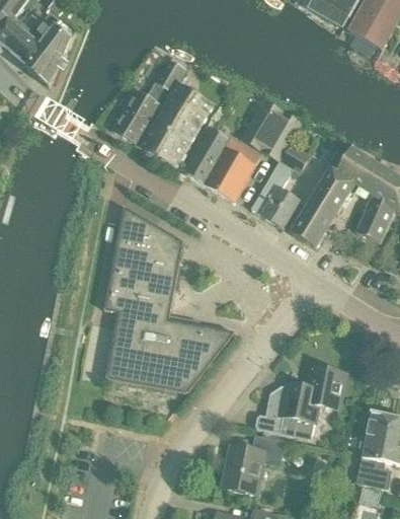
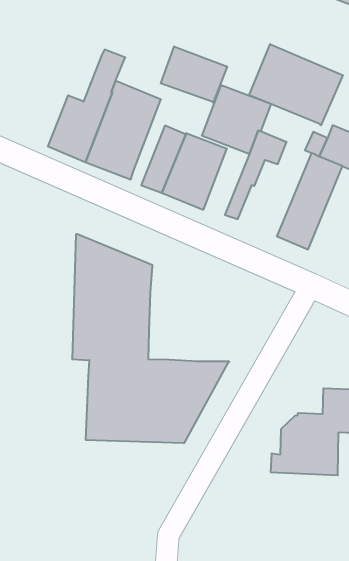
building: none -> [161,46,227,103]
building: none -> [249,44,343,125]
building: [261,187,300,227] -> none
building: [222,433,286,493] -> none

